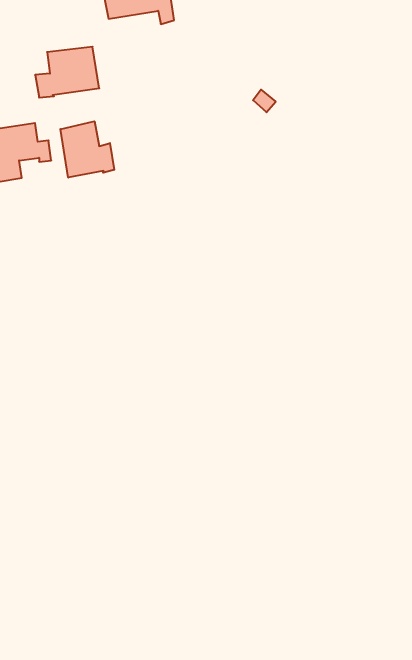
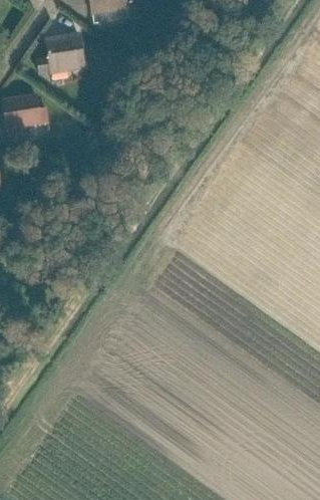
building: [60,121,114,178] -> none

